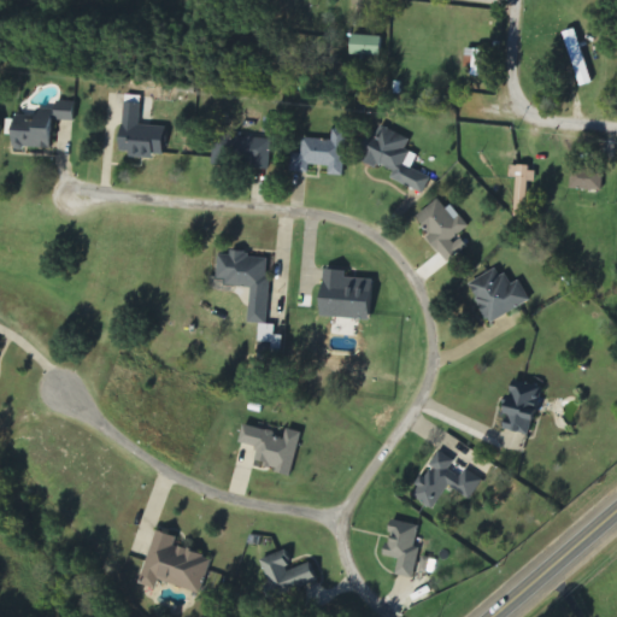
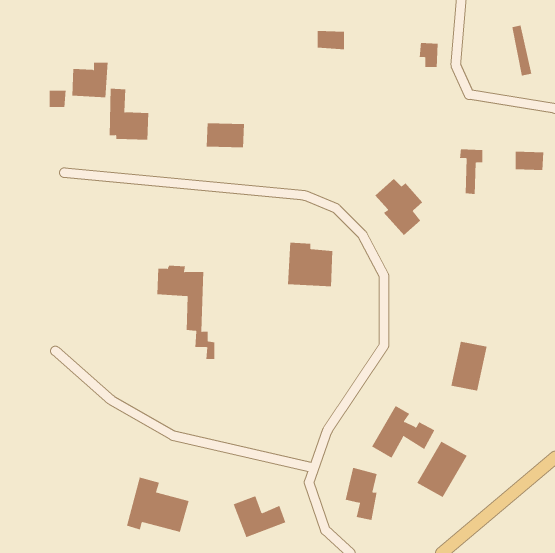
building: [11,108,52,148] -> [71,62,108,98]
building: [359,125,430,192] -> none
building: [290,128,346,175] -> none
building: [216,249,281,354] -> [156,265,215,360]
building: [466,265,530,323] -> none
building: [239,425,300,472] -> none
building: none -> [416,441,467,498]

